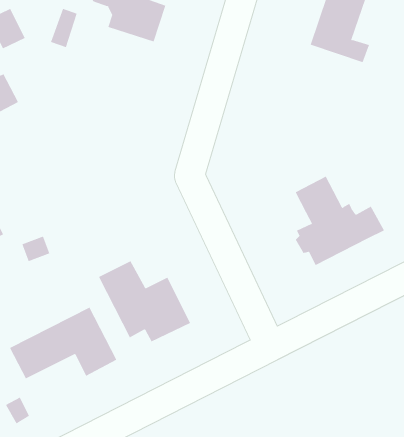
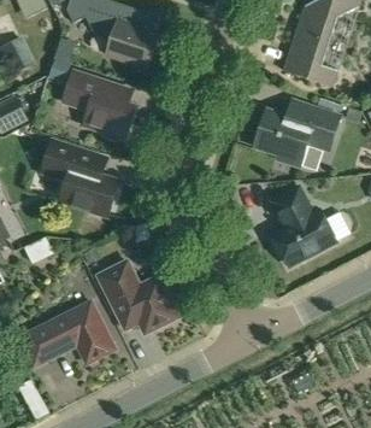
building: none -> [64,71,135,140]
building: none -> [254,101,340,165]
building: none -> [42,141,119,215]

